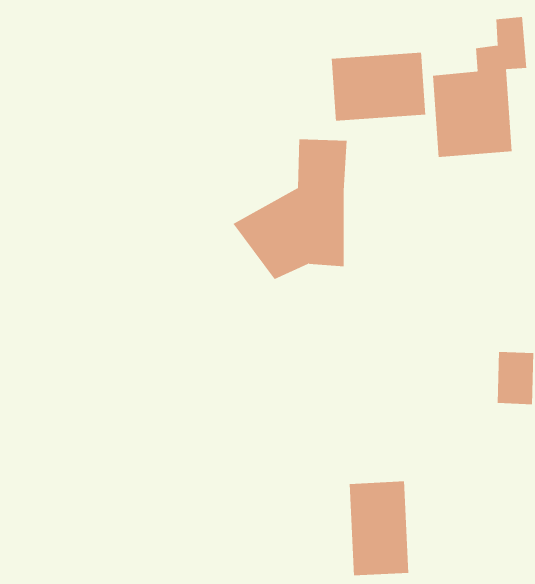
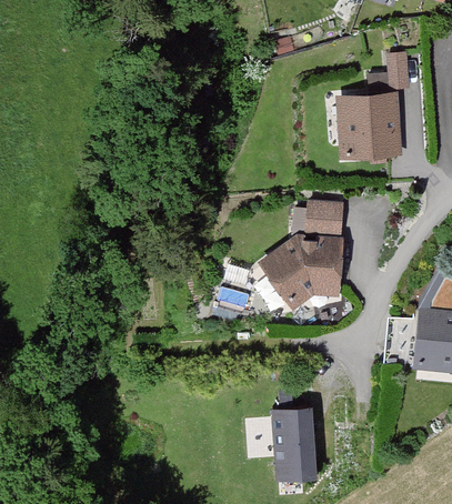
building: [331,52,426,122] -> none
building: [232,139,347,280] -> [254,198,343,306]

